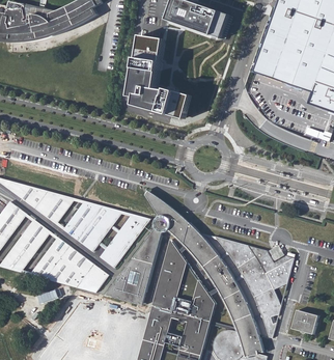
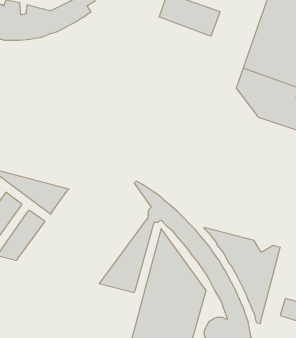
building: [131,31,191,118] -> none
building: [61,200,120,251] -> none
building: [98,213,148,267] -> none
building: [28,237,107,292] -> none

